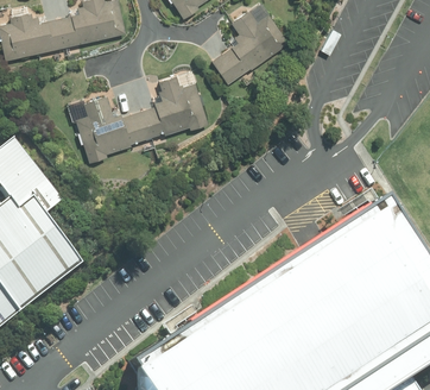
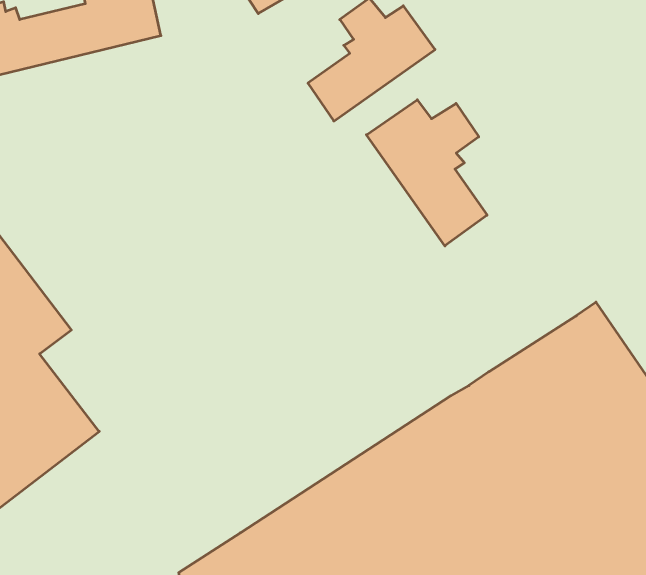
building: none -> [366,100,487,246]
building: [75,76,208,162] -> none

